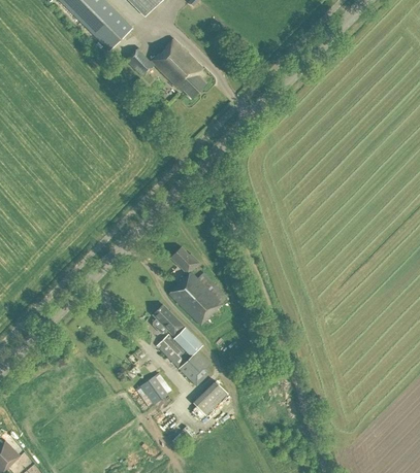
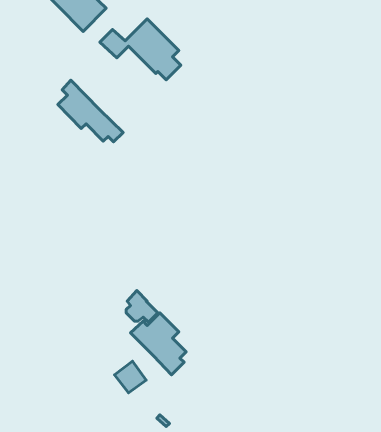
building: none -> [58,80,123,142]
building: [167,246,227,326] -> none
building: [192,380,226,414] -> none

